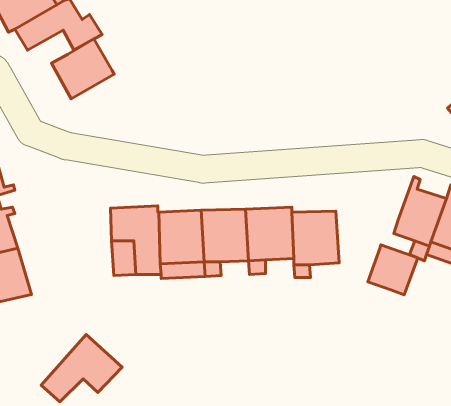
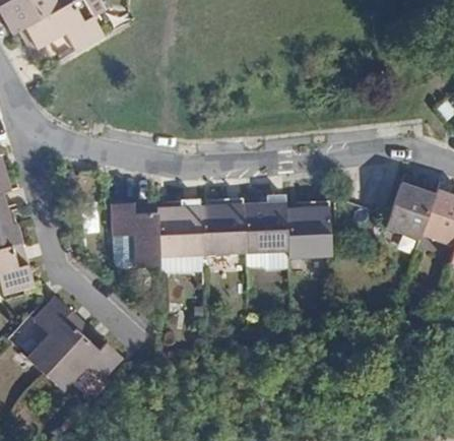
building: [52,39,114,99] -> none
building: [368,245,418,295] -> none
building: none -> [27,295,88,374]

